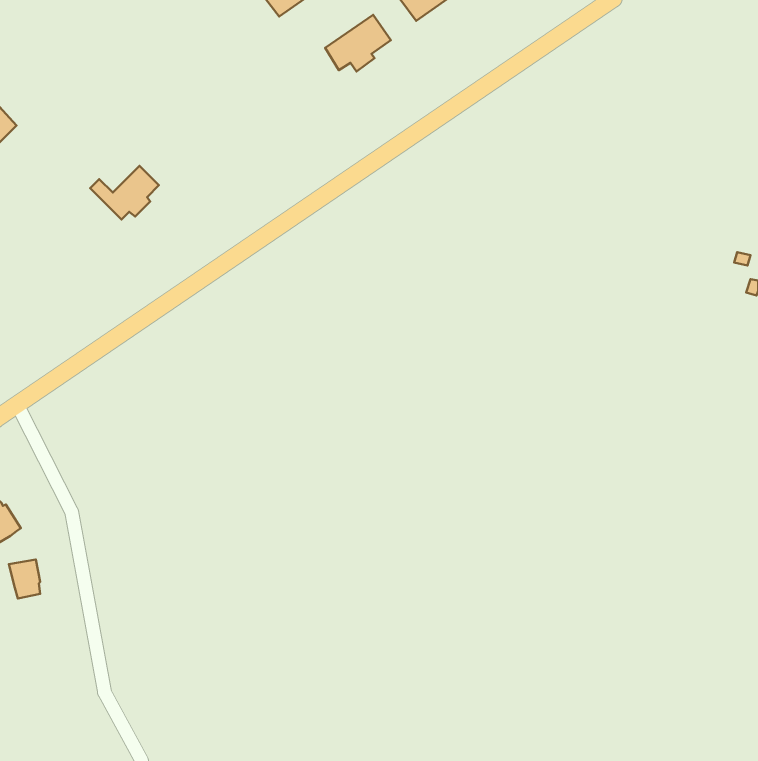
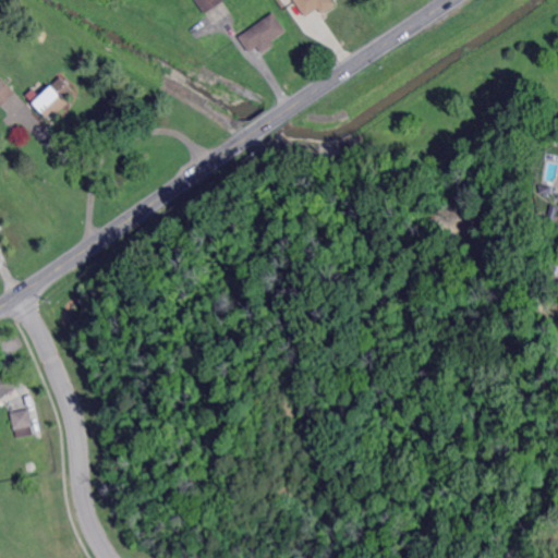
building: [90,166,159,219] -> [22,76,72,116]

